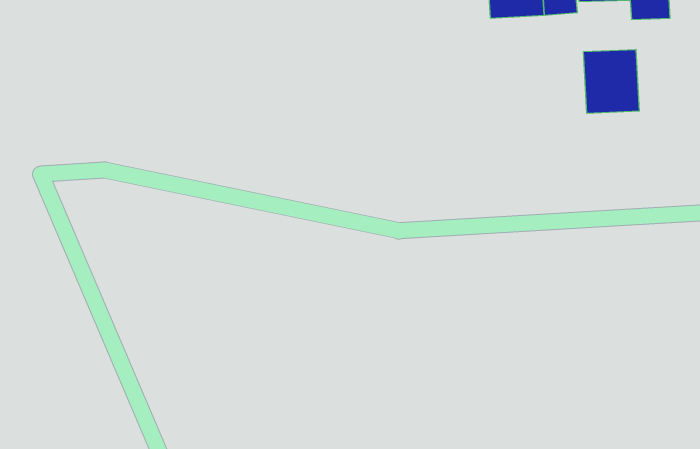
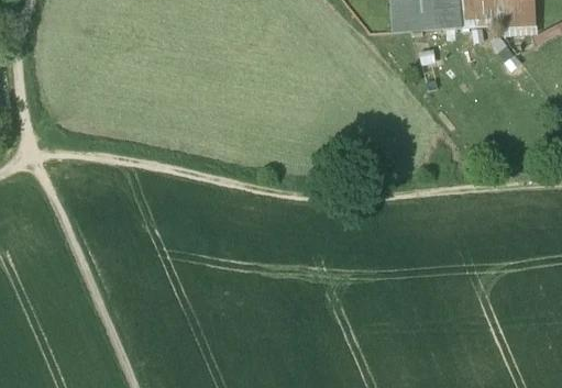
building: [583,49,639,113] -> none

